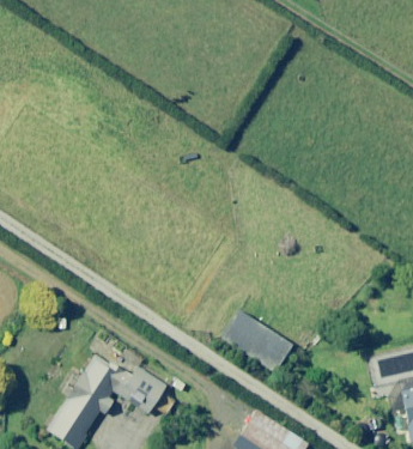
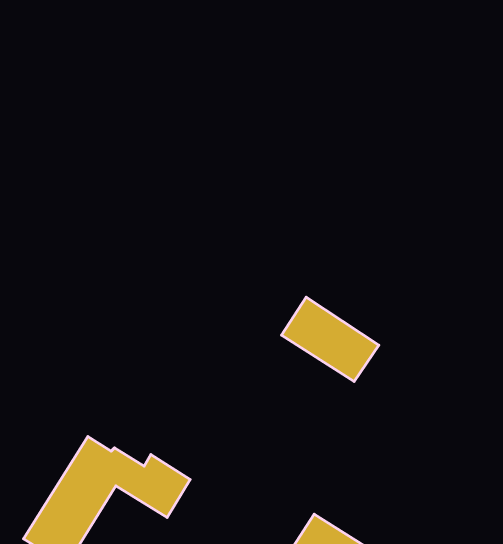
building: [221,310,292,371] -> [281,297,379,381]

